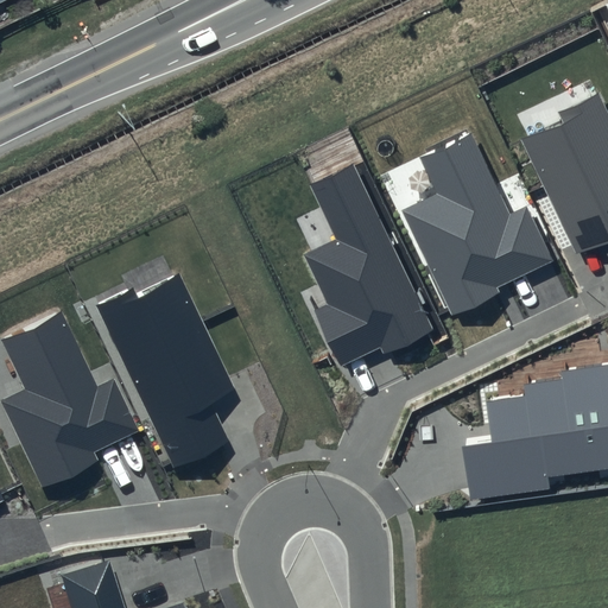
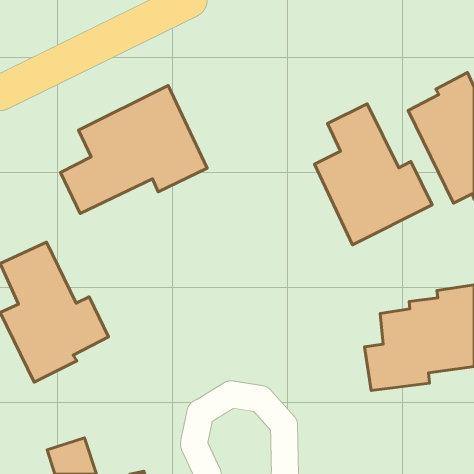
building: none -> [60,85,207,213]
building: [304,164,433,366] -> none
building: [96,277,236,468] -> none

